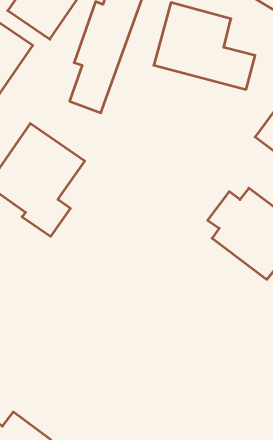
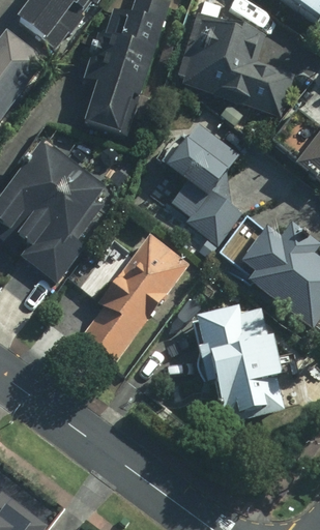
building: none -> [163,120,242,239]
building: none -> [83,236,187,357]
building: none -> [194,303,281,423]

